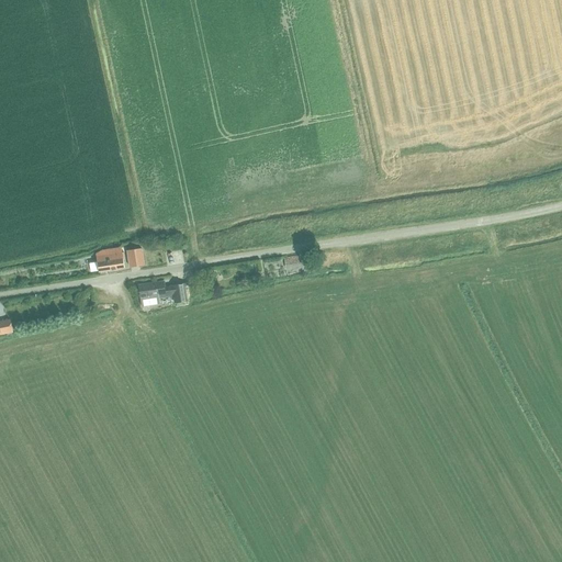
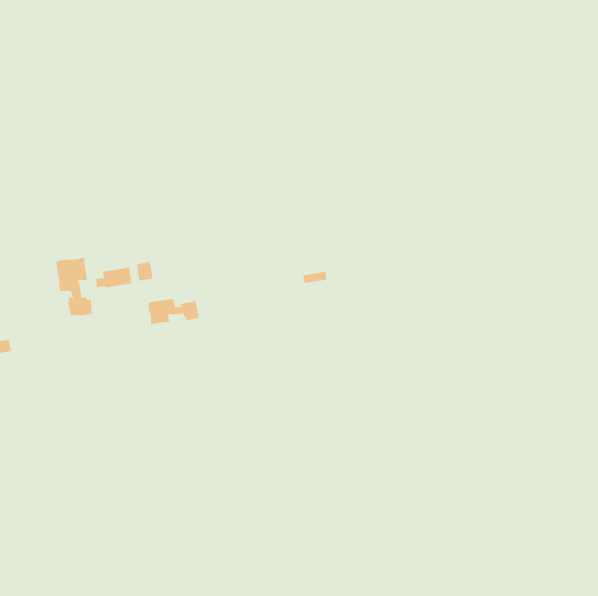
building: none -> [56,257,93,316]

